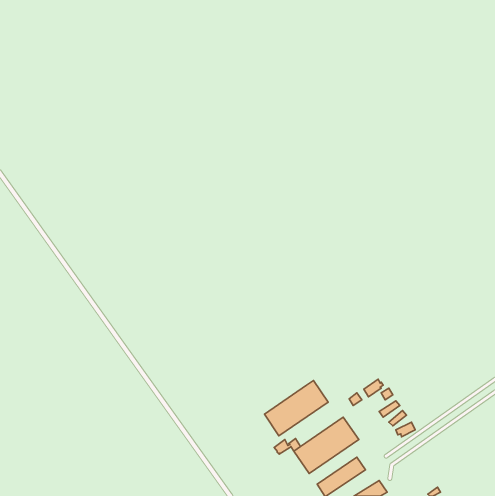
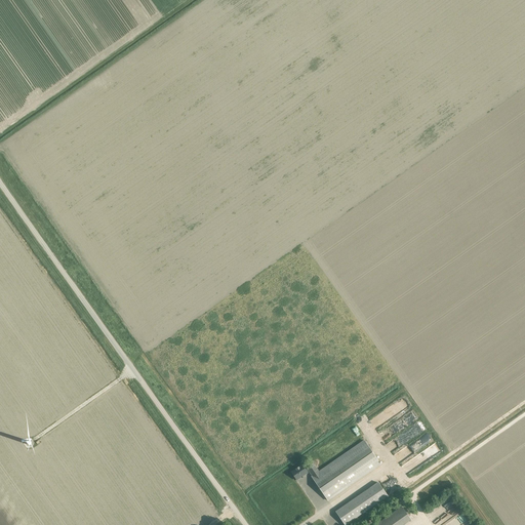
building: [264,380,328,436] -> none

